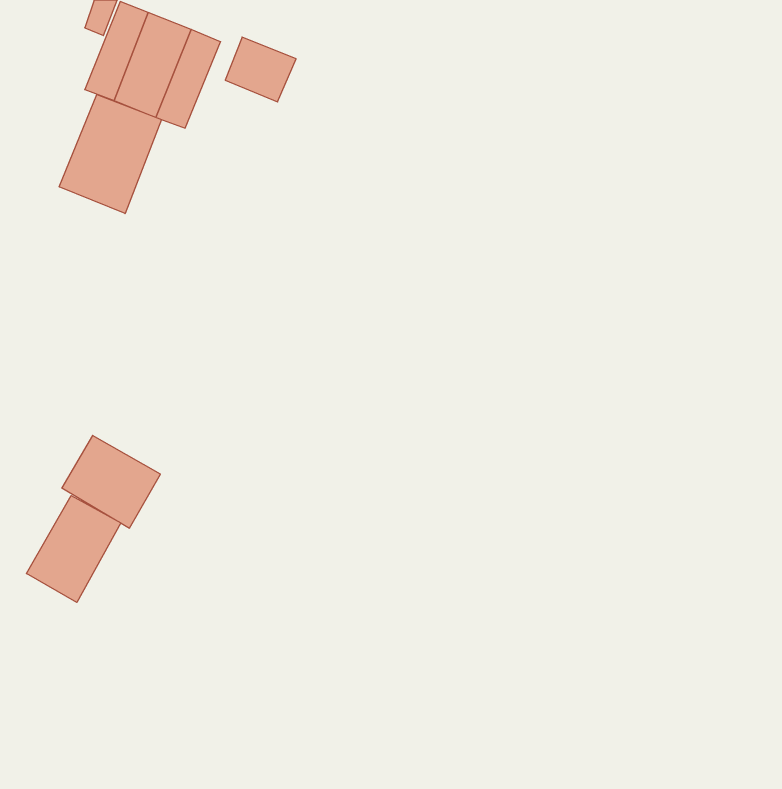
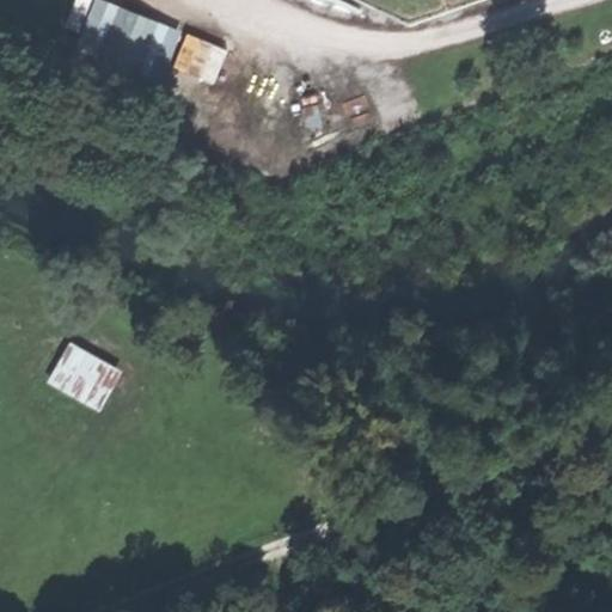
building: [59,94,162,214] -> none
building: [26,496,121,602] -> none

